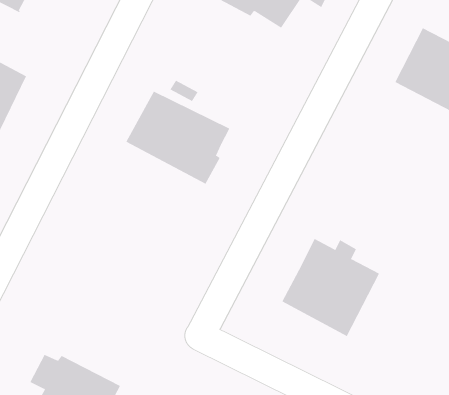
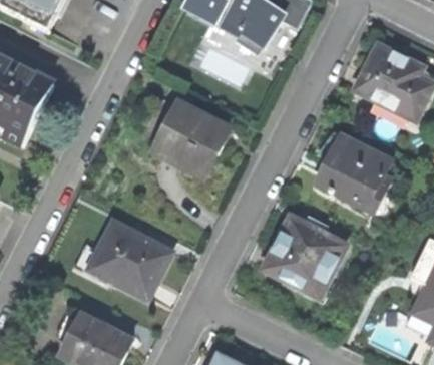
building: none -> [315,132,392,213]
building: none -> [72,223,170,300]

